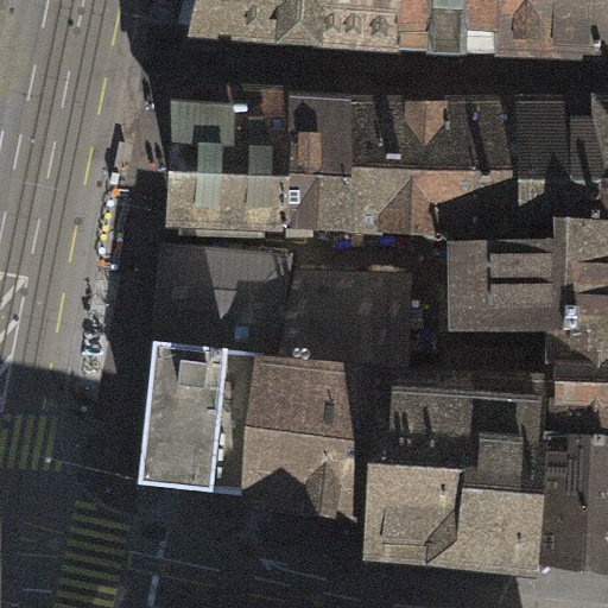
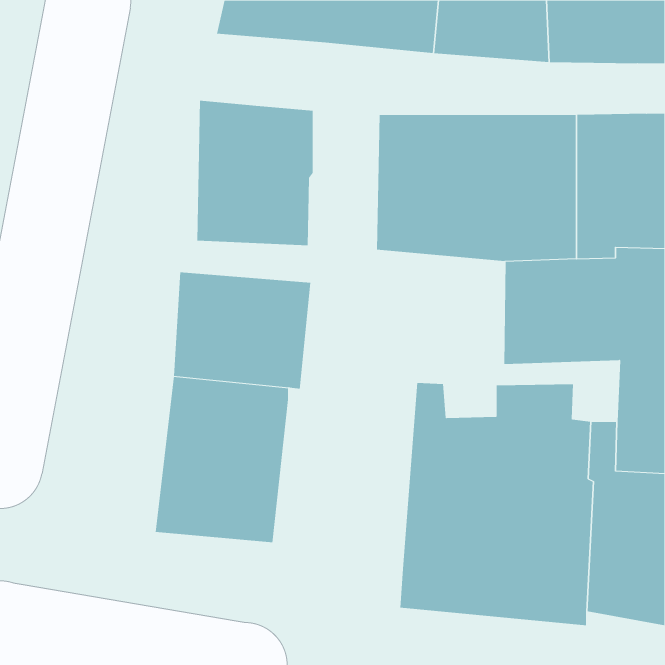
building: [281,101,346,228] -> none
building: [248,273,407,519] -> none

